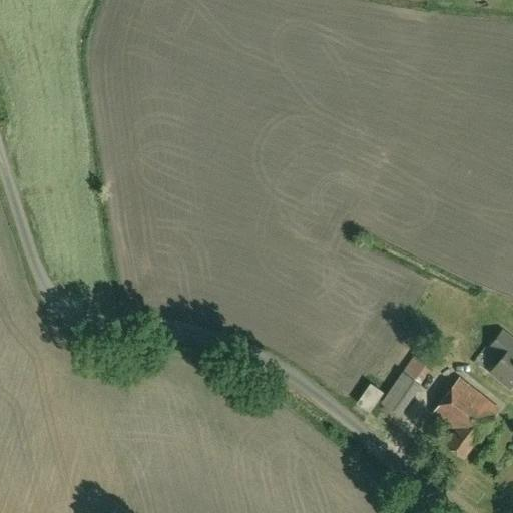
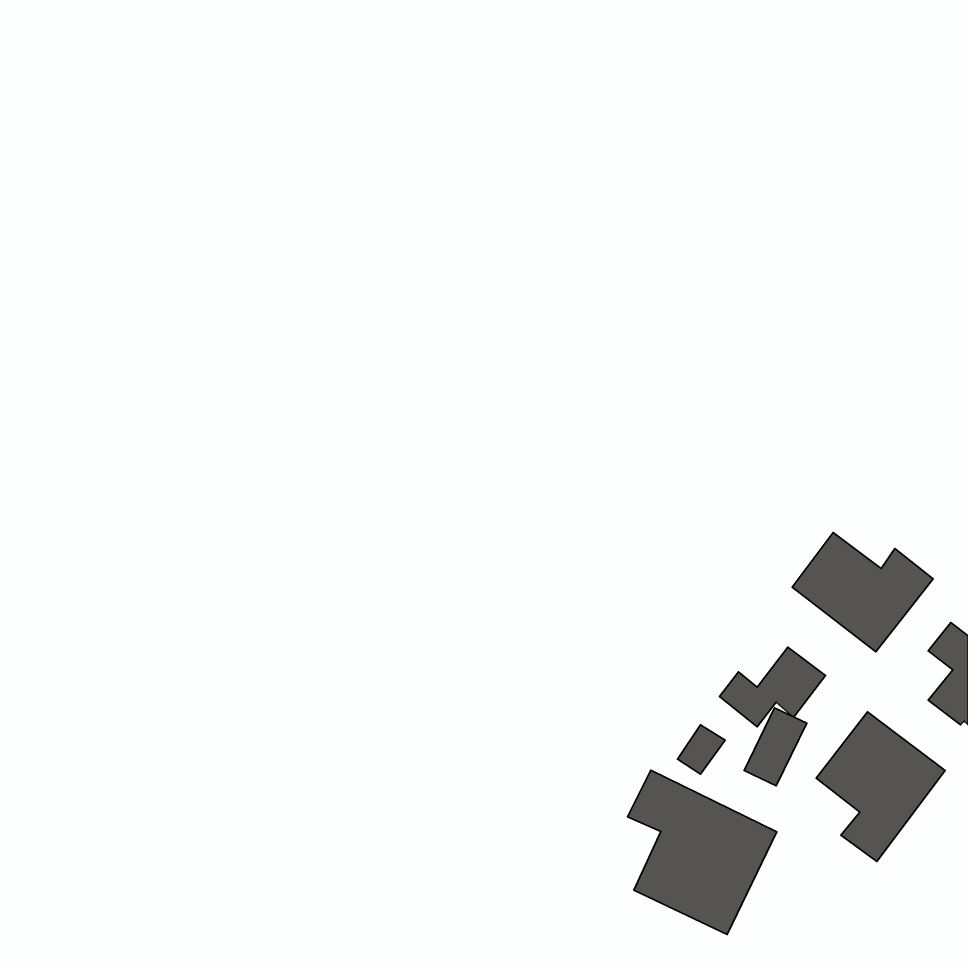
building: none -> [792,532,933,652]
building: none -> [627,770,777,934]

